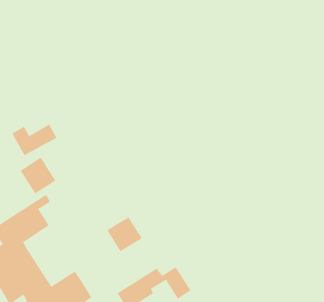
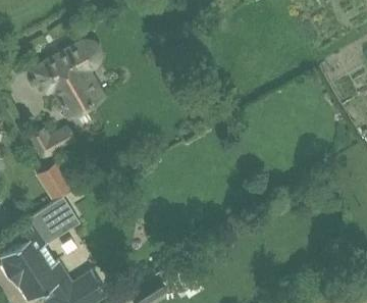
building: none -> [36,40,103,117]
building: [106,216,142,252] -> none

